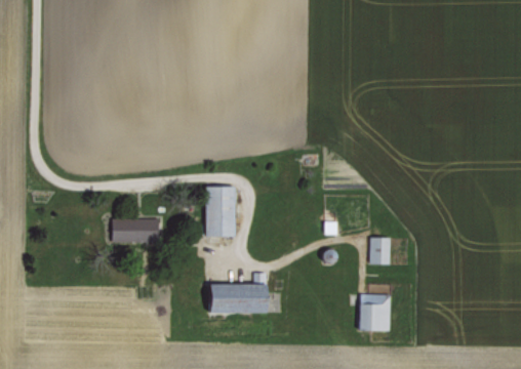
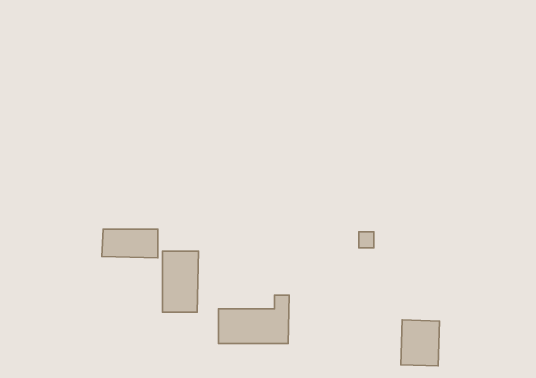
building: [205,187,235,237] -> [162,251,198,312]
building: [369,238,391,264] -> none

